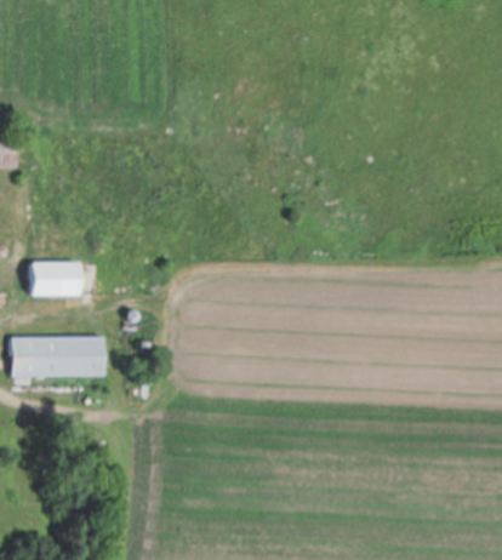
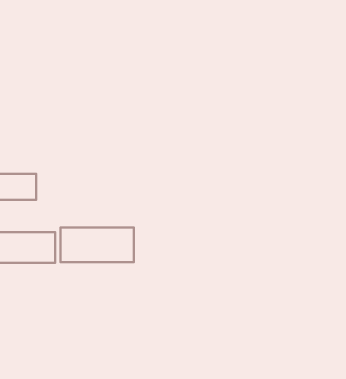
building: none -> [61,227,134,262]

